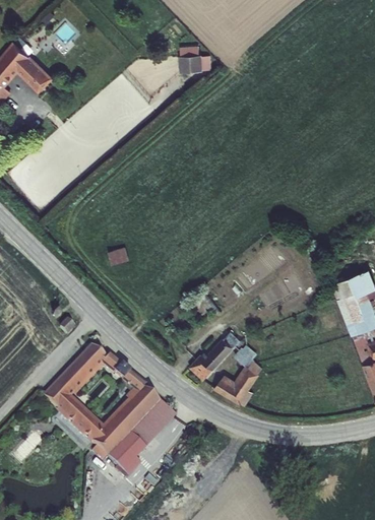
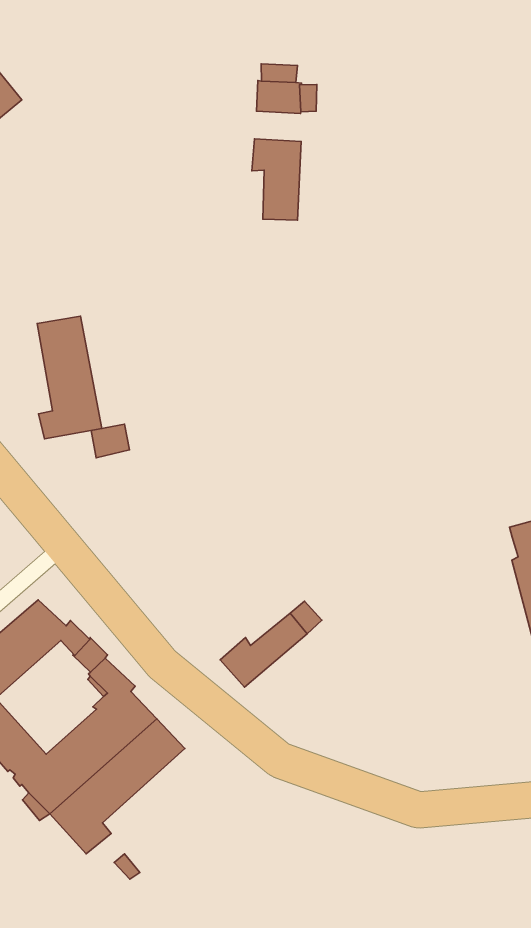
building: none -> [252,139,301,220]
building: none -> [37,316,102,439]
building: [213,344,262,405] -> none

